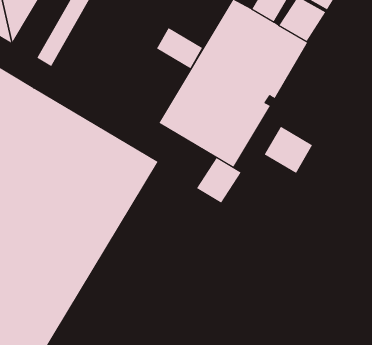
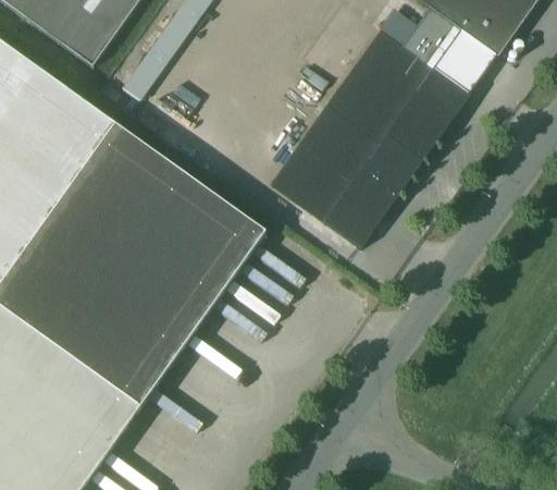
building: [156,27,203,69] -> none
building: [264,126,313,174] -> none
building: [196,157,241,203] -> none

